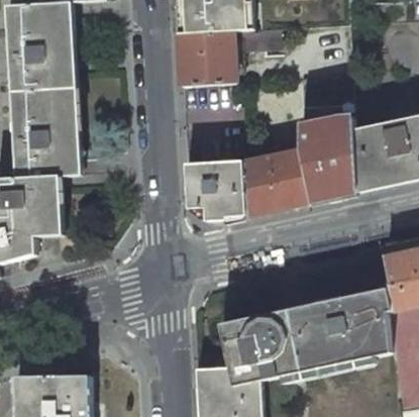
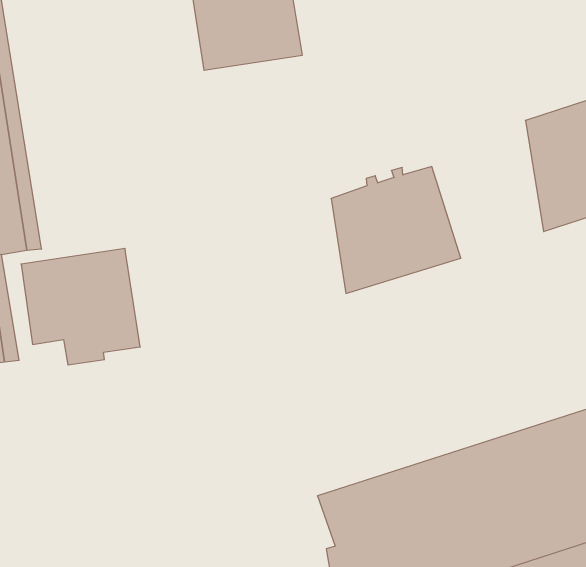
building: [299,108,356,202] -> none
building: [185,161,245,221] -> [21,248,140,365]

